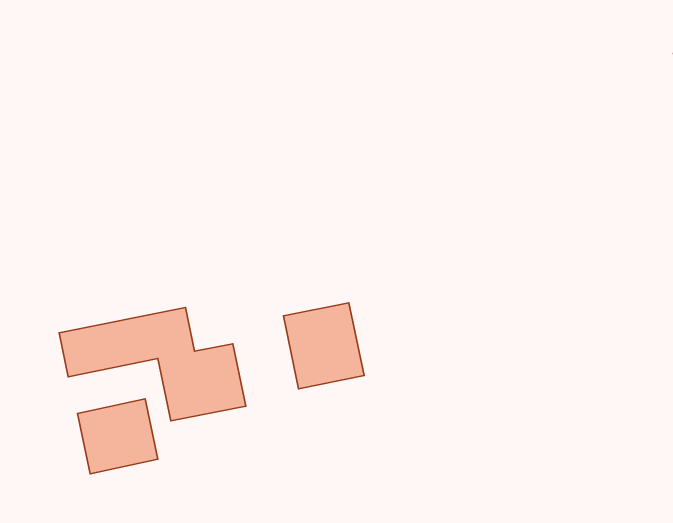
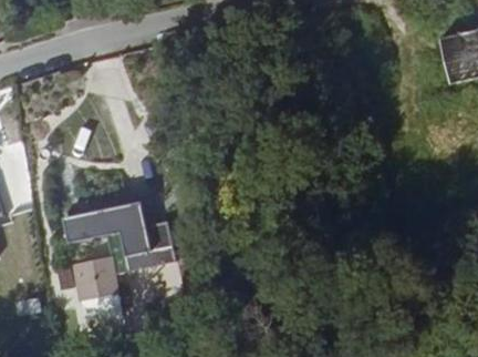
building: [283,303,364,389] -> none

